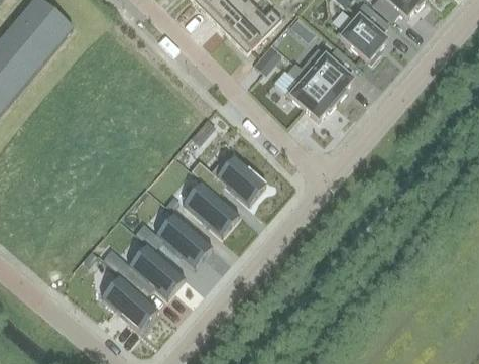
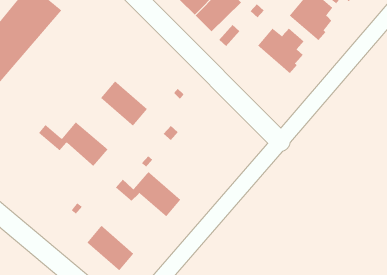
building: [286,63,338,119] -> none
building: [211,151,266,204] -> none
building: [184,183,239,236] -> [100,81,148,127]
building: [103,246,185,298] -> [38,122,108,167]

